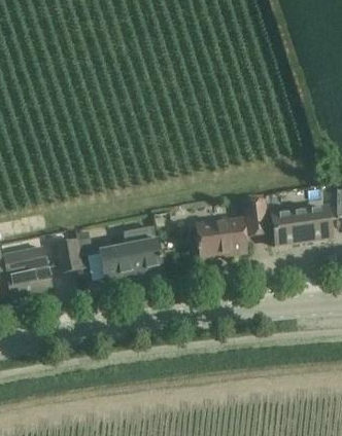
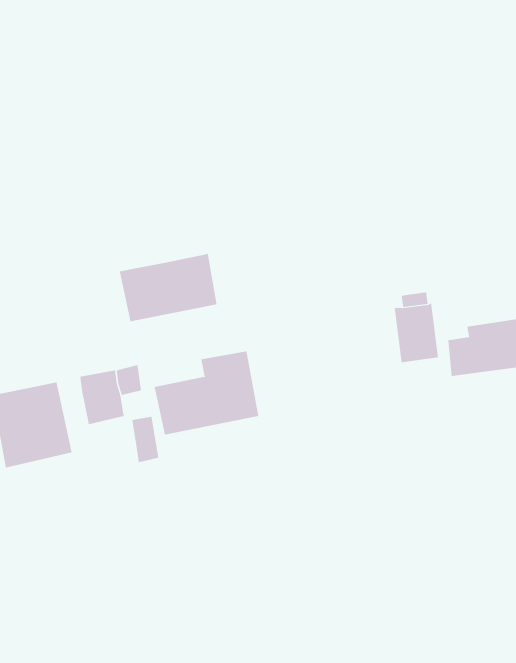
building: none -> [119,253,217,322]
building: [196,216,245,254] -> none

